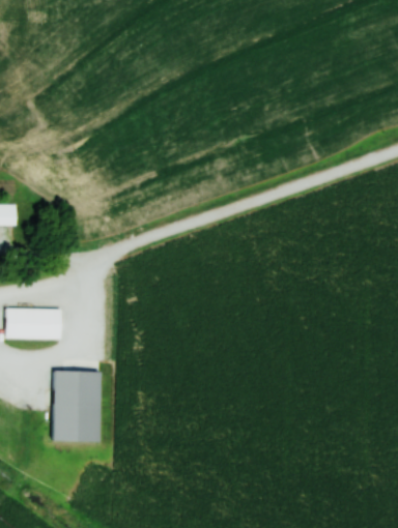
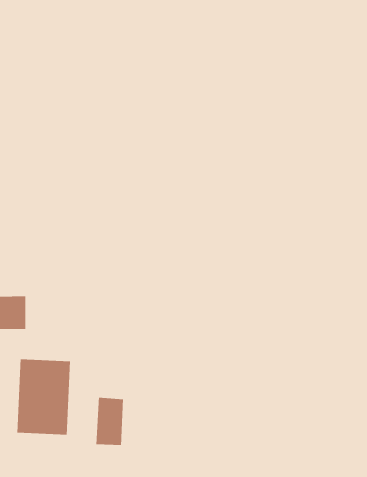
building: none -> [95,397,124,446]

